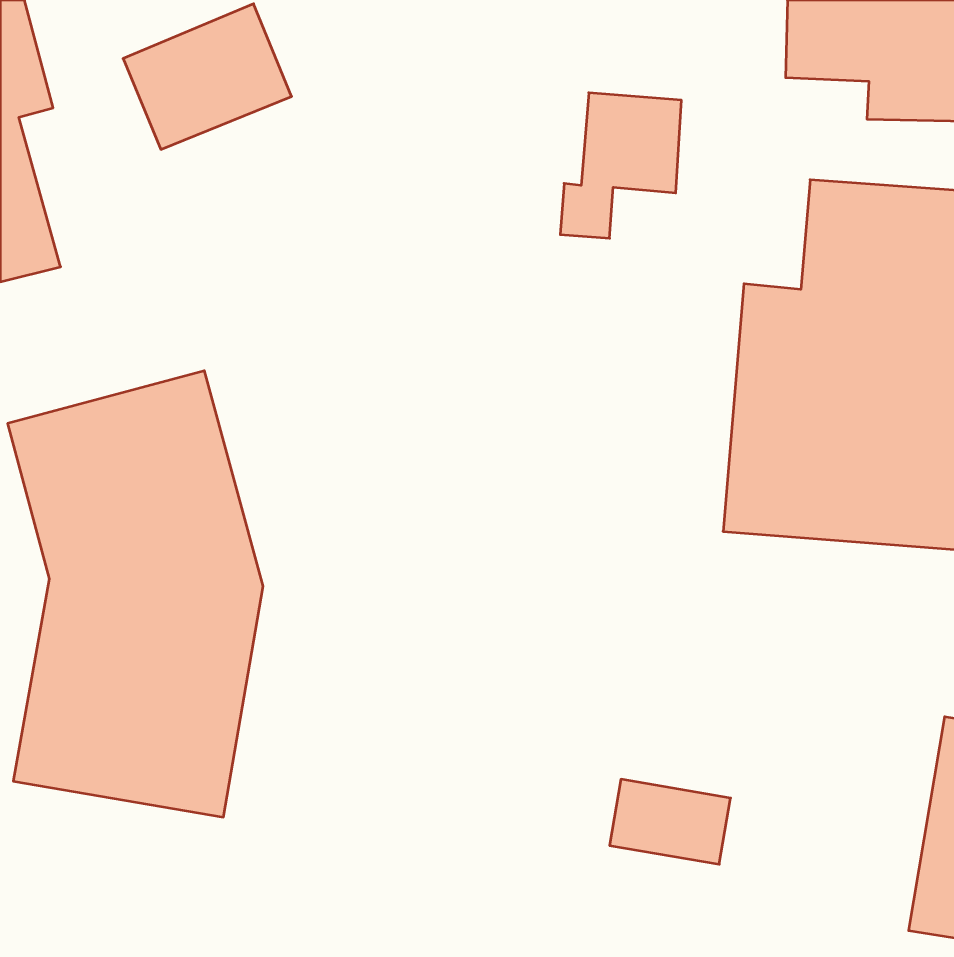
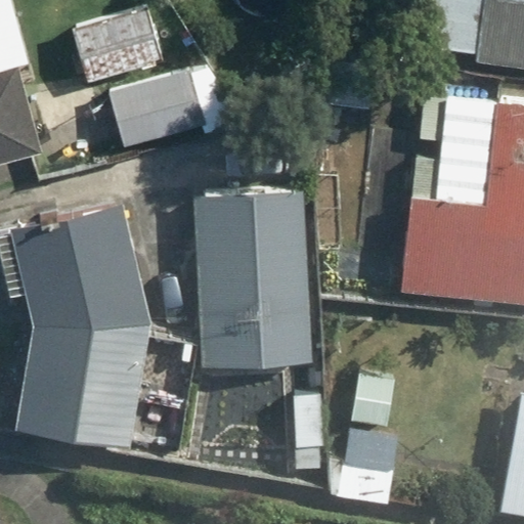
building: none -> [106,66,247,152]
building: none -> [198,190,306,366]

